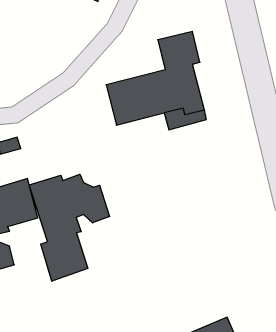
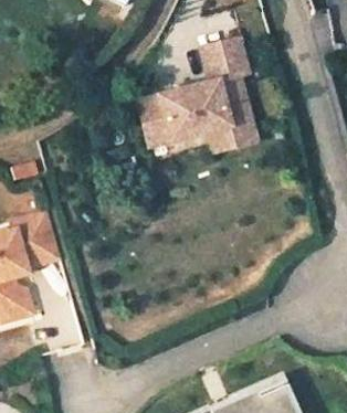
building: [29,174,110,281] -> none

